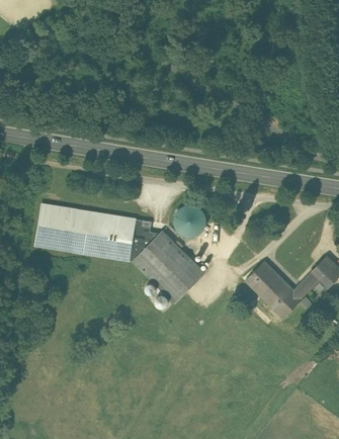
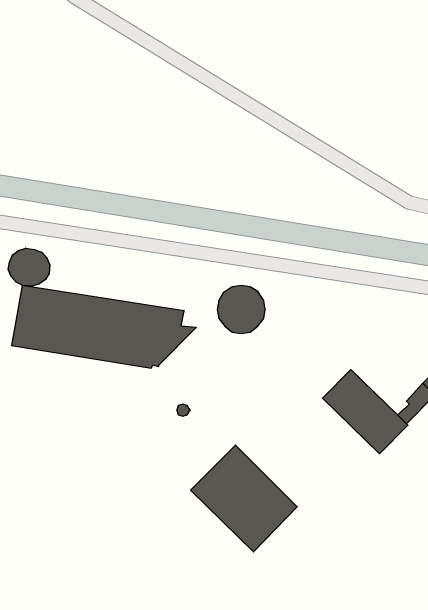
building: none -> [8,248,50,286]
building: [133,231,204,302] -> [191,445,297,552]

